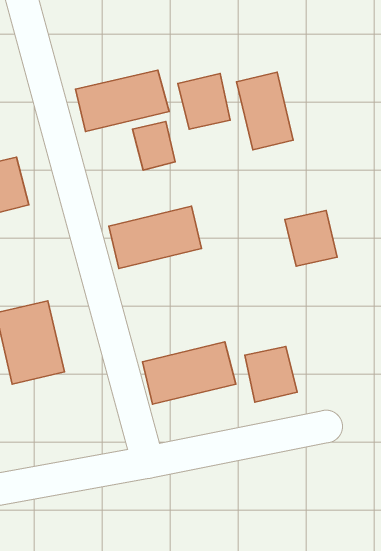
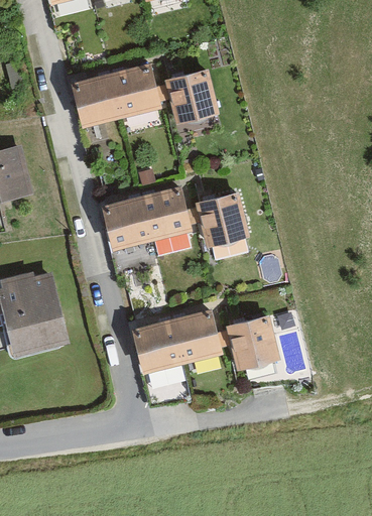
building: [237,72,293,150] -> none
building: [133,121,175,170] -> none
building: [285,210,337,266] -> [200,195,247,245]

